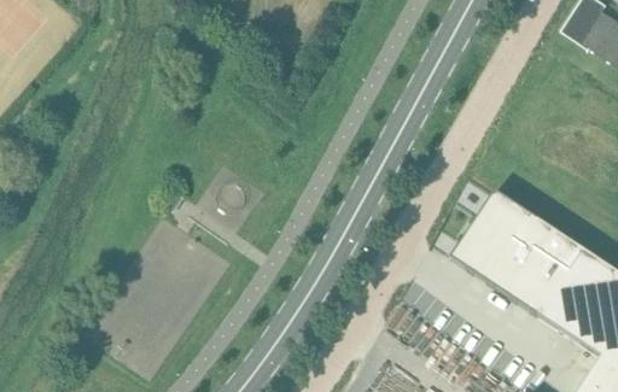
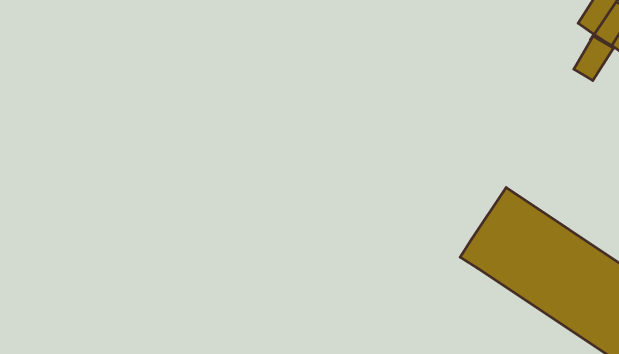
building: none -> [574,34,613,80]

